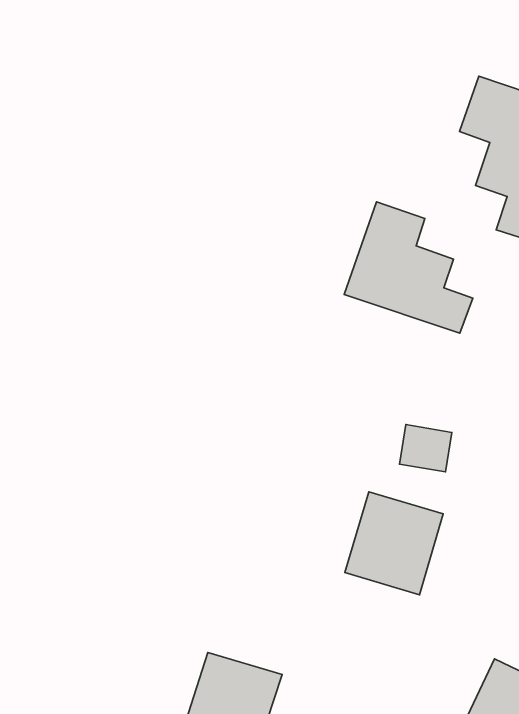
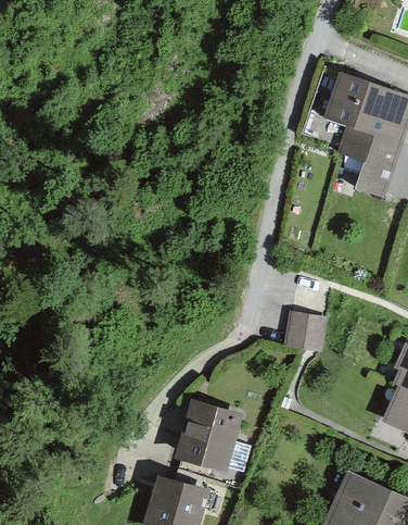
building: [344,202,473,333] -> none
building: [345,492,443,595] -> [176,399,243,470]

